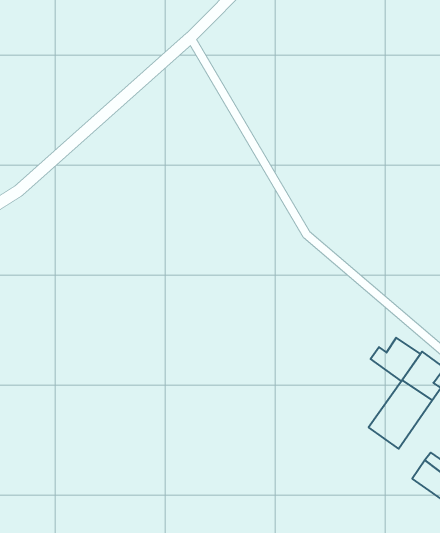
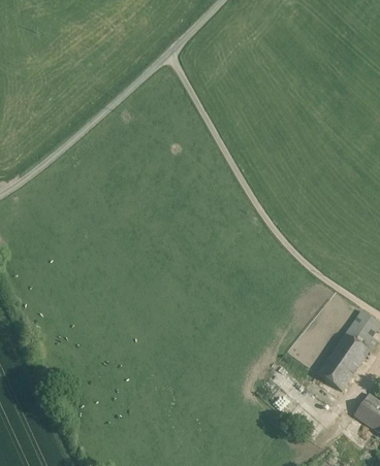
building: [371,338,420,381] -> none

